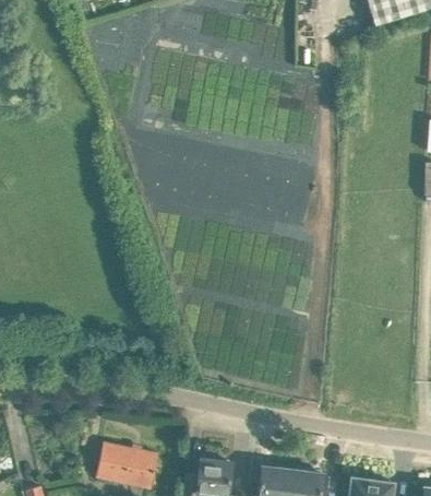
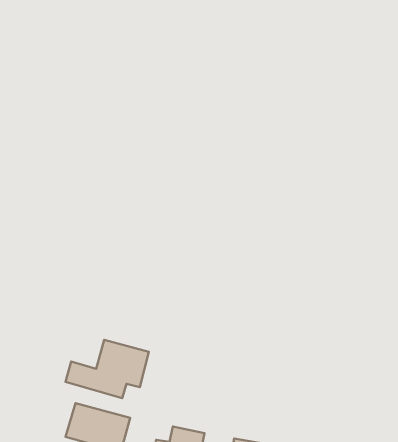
building: none -> [66,340,149,398]

